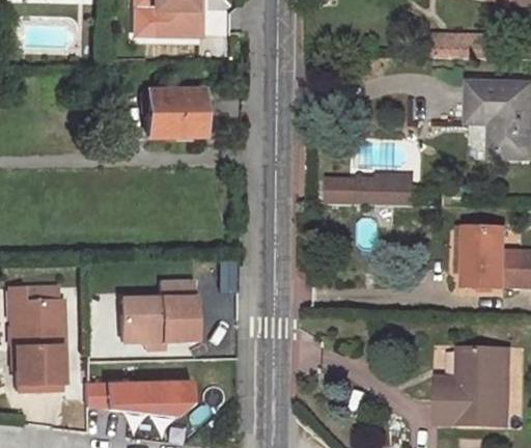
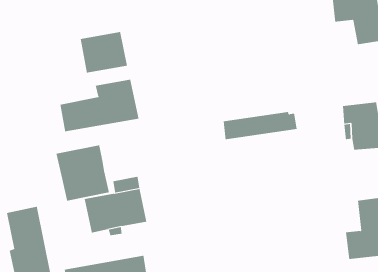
building: none -> [60,79,139,132]
building: [328,179,421,204] -> [223,112,297,140]
building: none -> [56,144,110,201]

